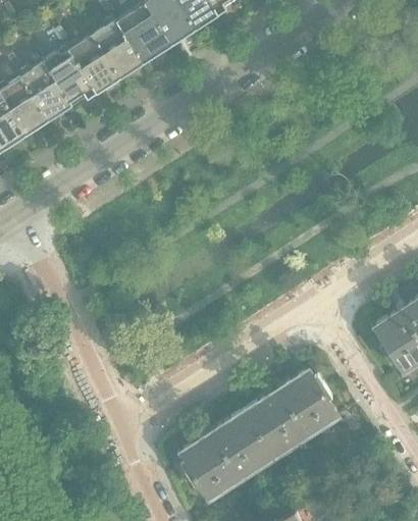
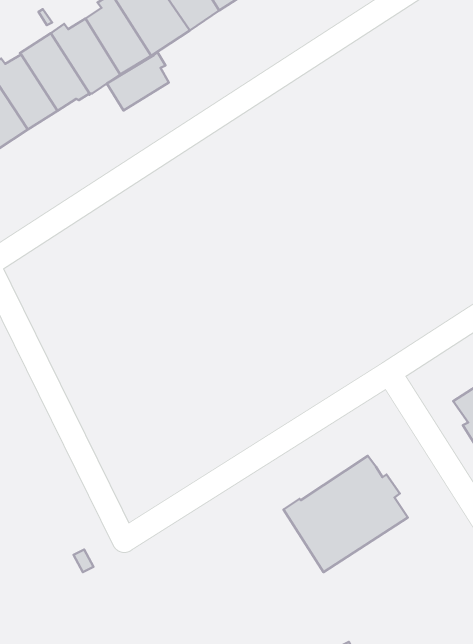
building: none -> [107,52,169,110]
building: [180,411,274,501] -> none

